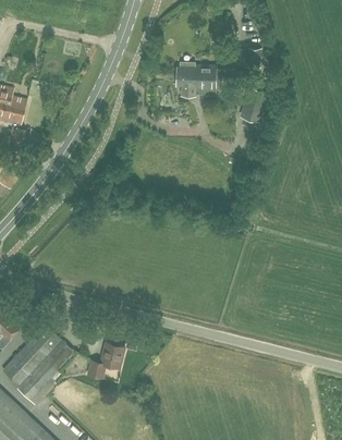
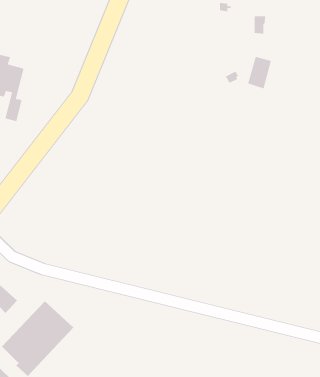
building: [176,62,235,96] -> none
building: [87,343,124,378] -> none

